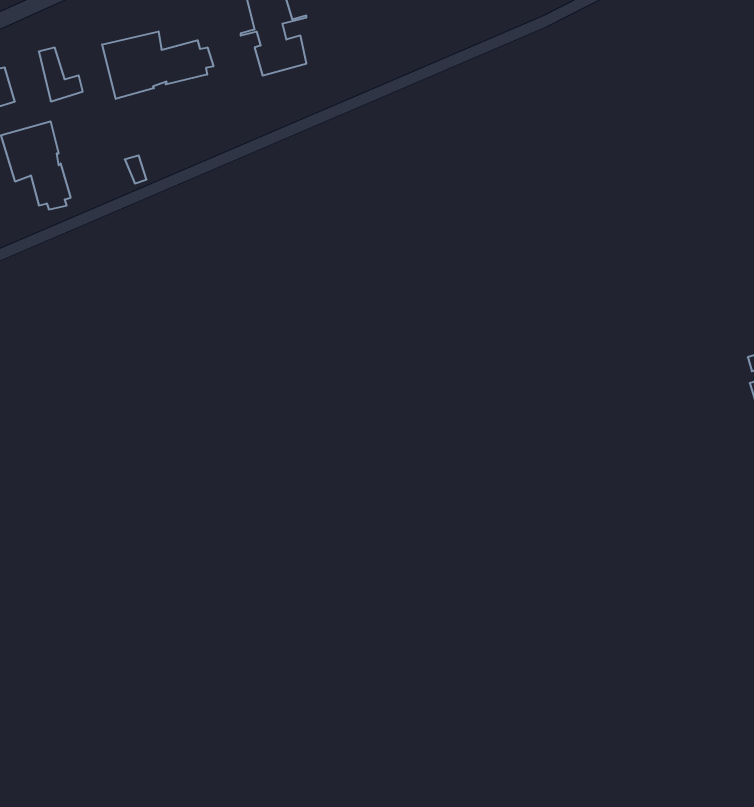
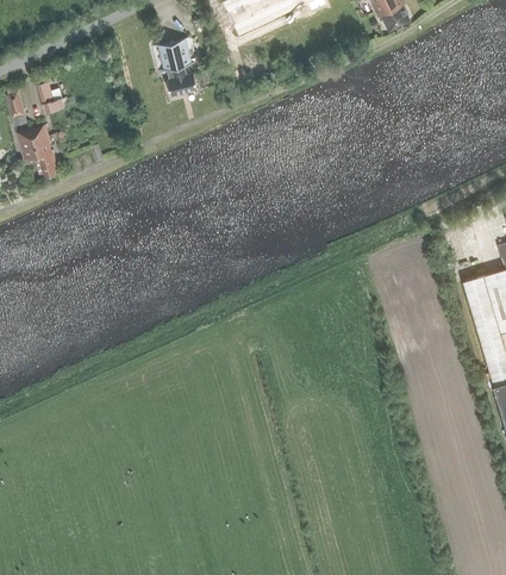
building: [102,31,213,99] -> none

